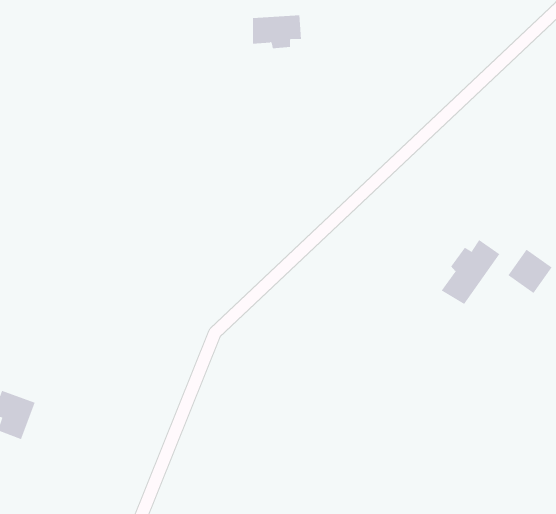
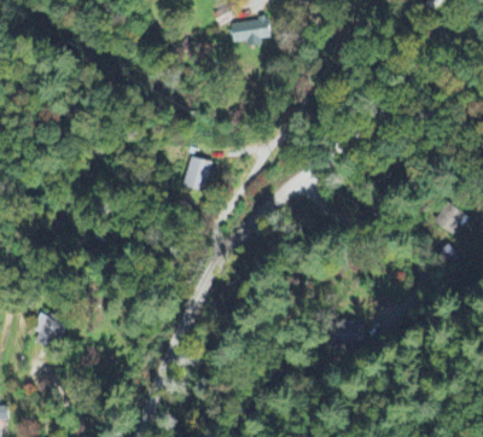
building: none -> [182,156,211,191]
building: [441,239,500,305] -> none

